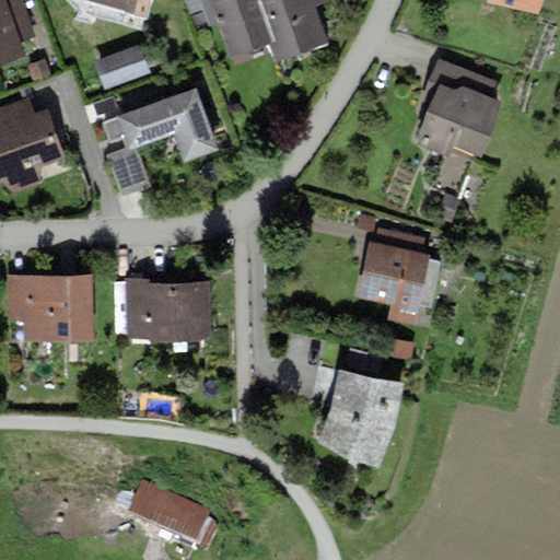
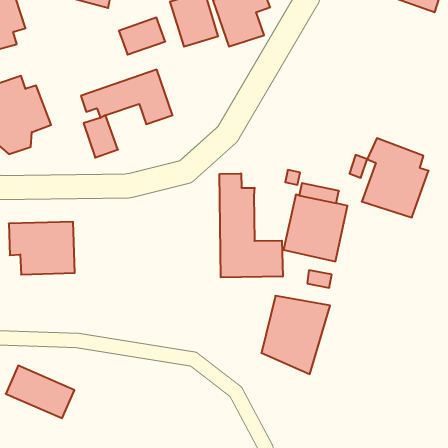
building: [91,48,149,94] -> [119,18,165,55]
building: [417,59,500,158] -> [362,138,429,217]
building: none -> [220,173,283,277]
building: [129,282,212,339] -> none
building: [128,483,213,549] -> [6,366,74,418]

